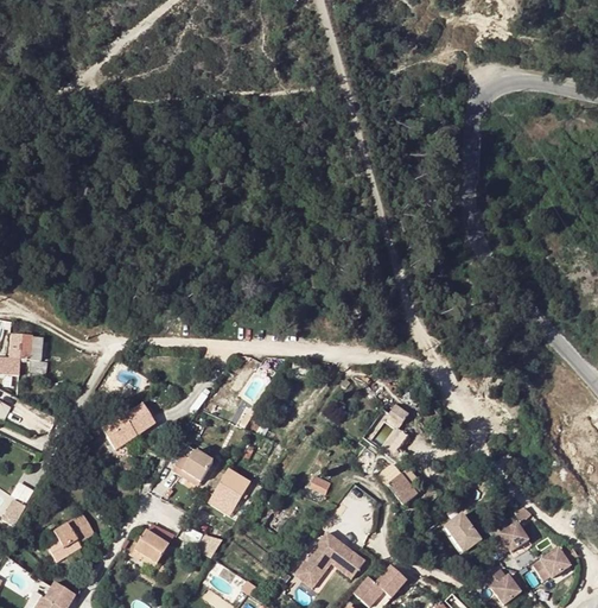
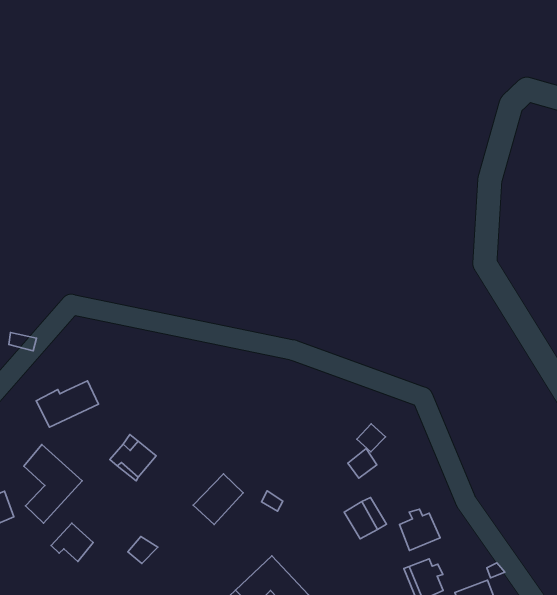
building: none -> [24,445,82,523]
building: [206,468,249,514] -> [193,474,243,525]
building: none -> [399,509,440,551]

